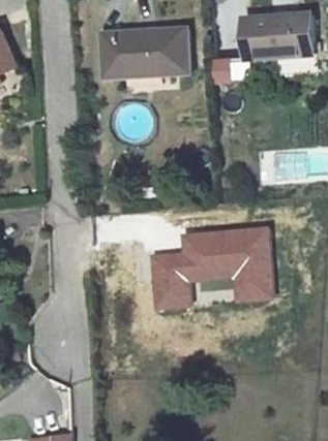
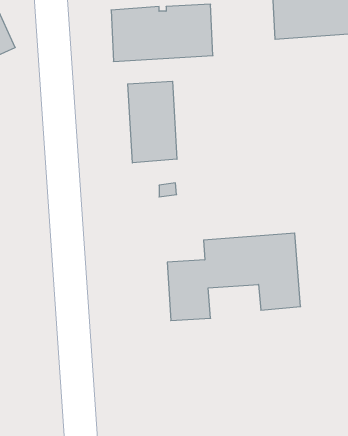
building: none -> [128,81,177,163]

